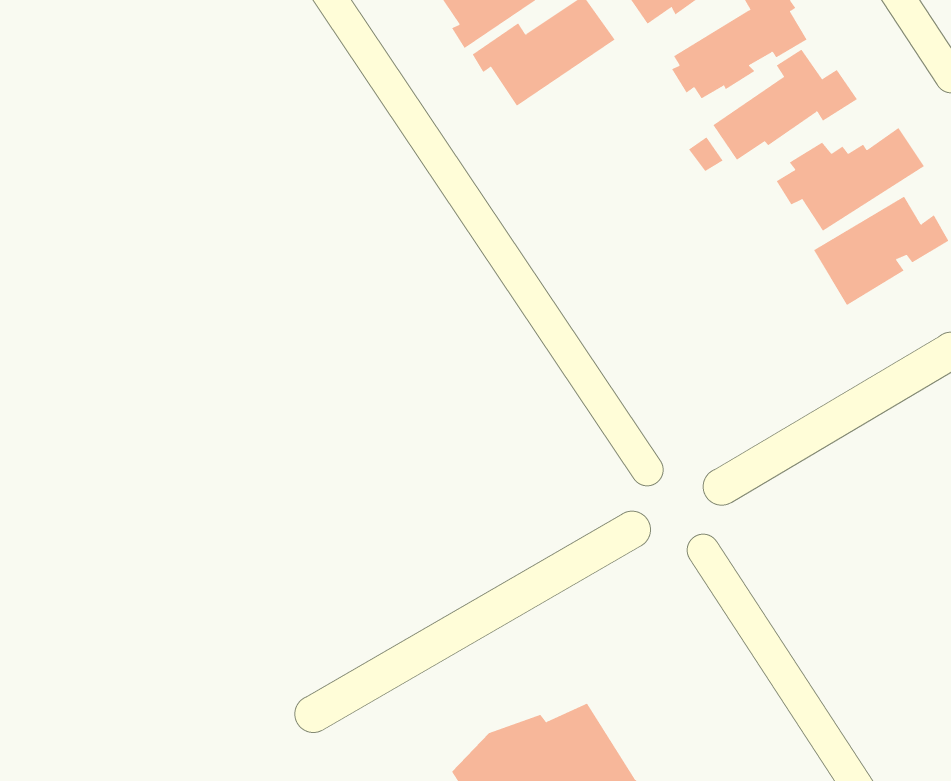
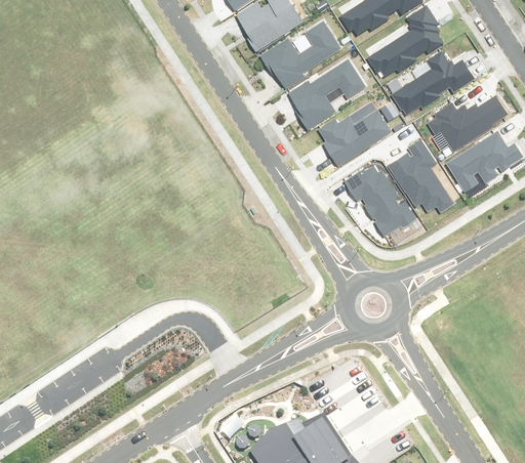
building: none -> [287,58,364,128]
building: none -> [319,110,391,166]
building: none -> [390,138,449,213]
building: none -> [349,163,413,235]

